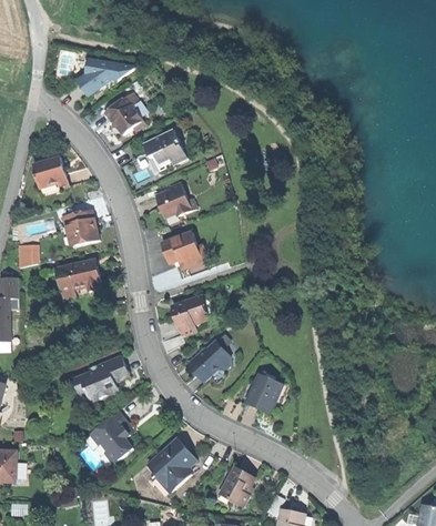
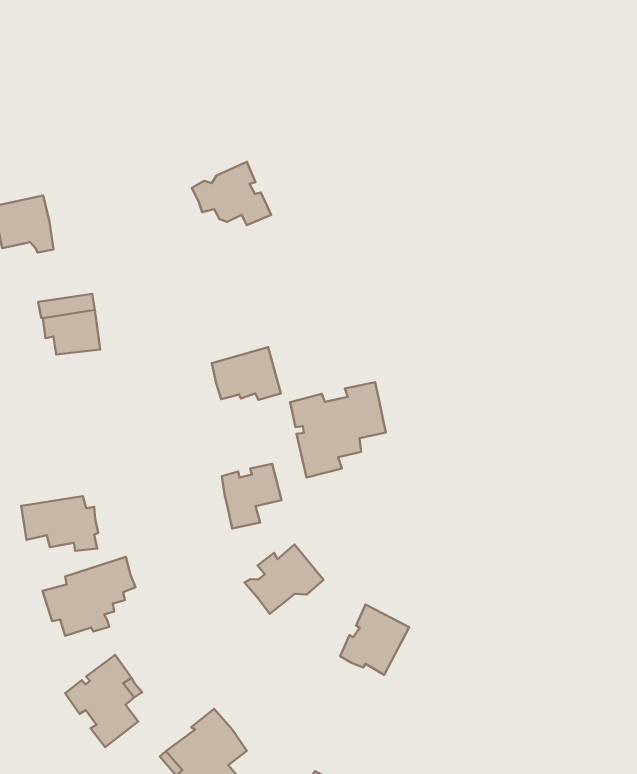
building: [85,57,136,85] -> none
building: [104,93,146,133] -> none
building: [156,182,197,218] -> none
building: none -> [290,382,386,478]
building: [55,260,100,291] -> [21,496,98,551]

